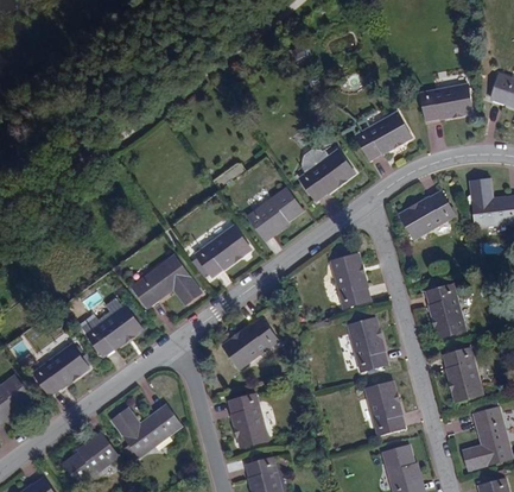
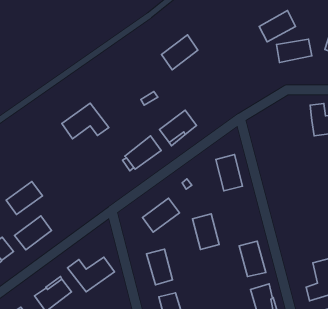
building: [356,112,410,158] -> [259,10,295,42]
building: [299,150,353,201] -> [162,35,198,70]
building: [399,191,453,238] -> none
building: [132,256,201,308] -> [62,103,109,139]
building: [425,282,463,338] -> none
building: [87,307,140,355] -> [6,181,42,215]
building: [347,318,386,371] -> [193,214,219,249]
building: [443,348,480,400] -> none

